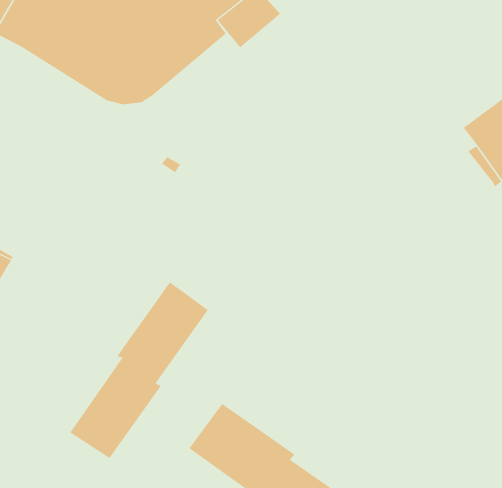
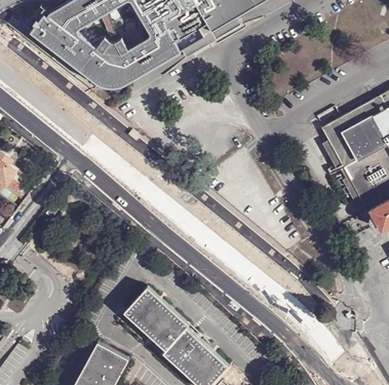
building: [70,282,208,459] -> none

